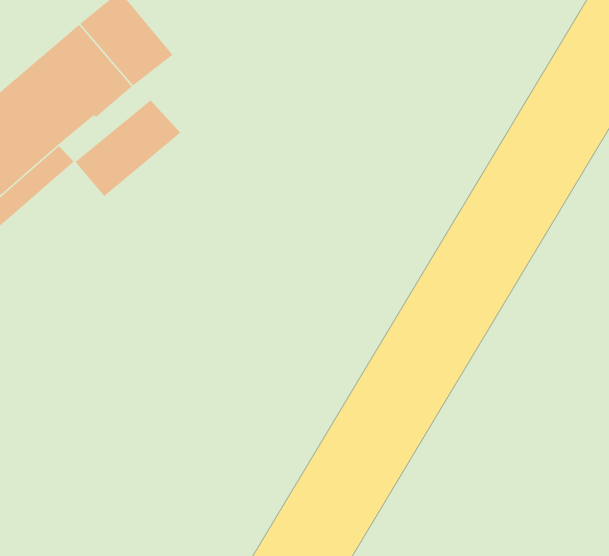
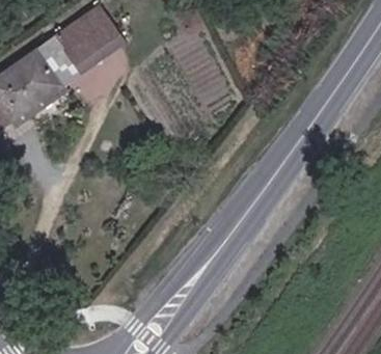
building: [74,99,181,197] -> none

